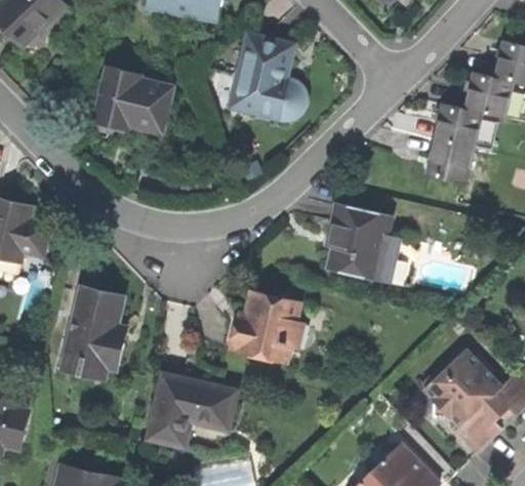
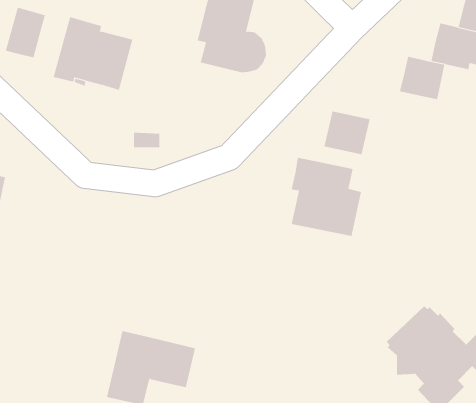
building: none -> [5,7,46,58]
building: [428,138,474,181] -> [323,111,370,155]
building: [62,286,126,375] -> none
building: [230,290,299,363] -> none

